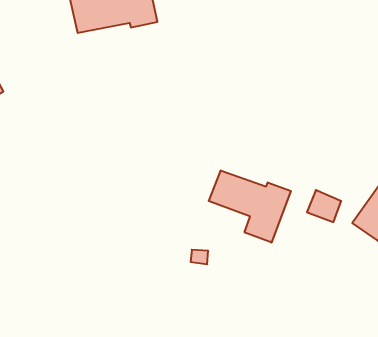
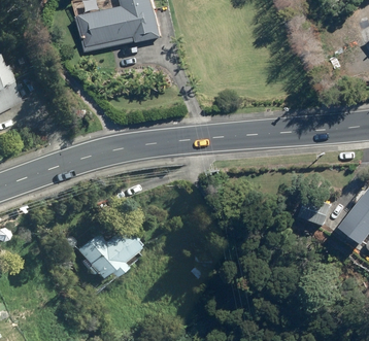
building: [209,170,291,243] -> none
building: none -> [70,227,133,276]

